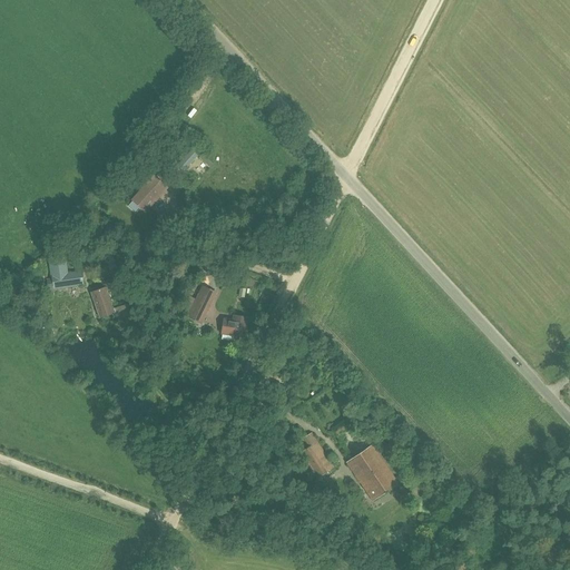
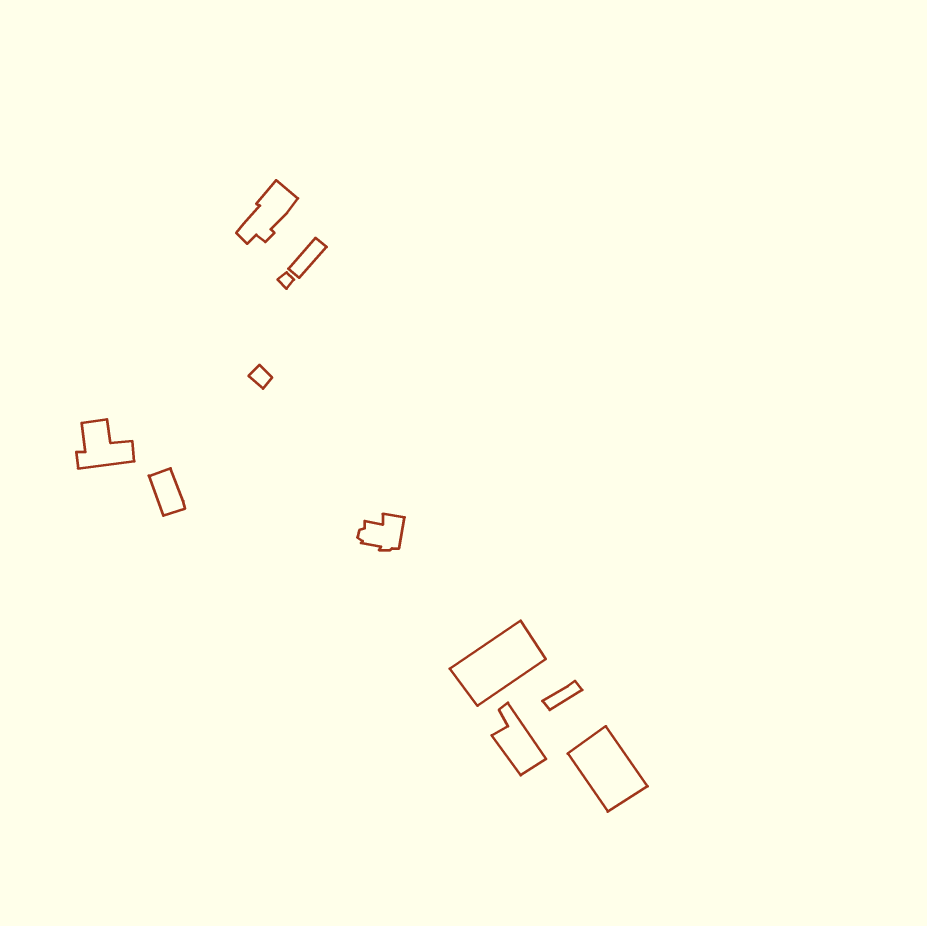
building: [128,173,166,212] -> [236,180,298,244]
building: [184,284,217,324] -> none
building: none -> [450,621,546,706]

